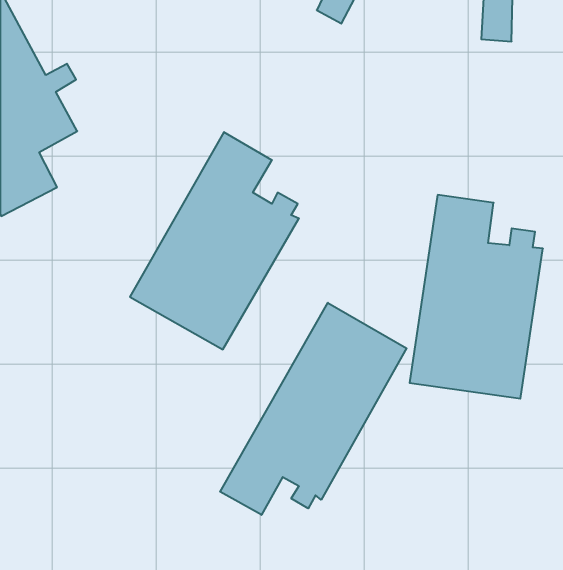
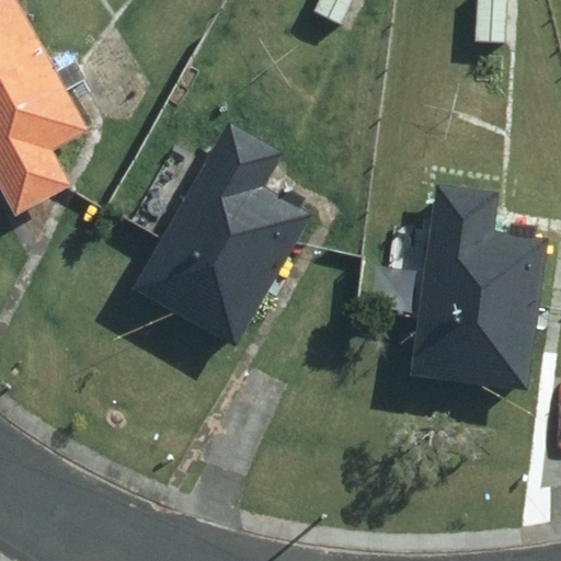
building: [220,303,407,515] -> none

